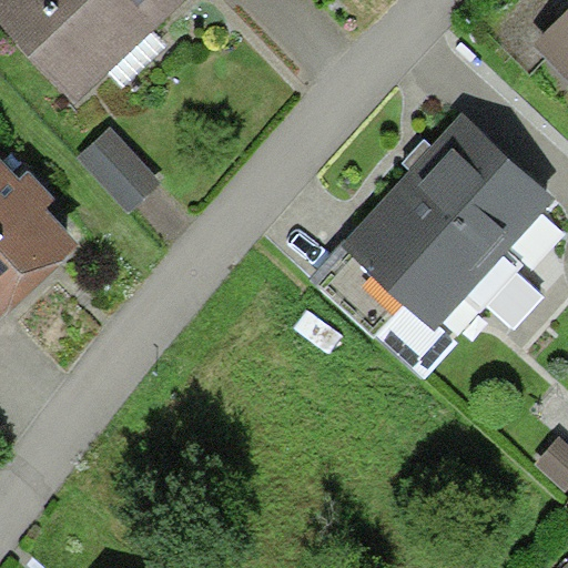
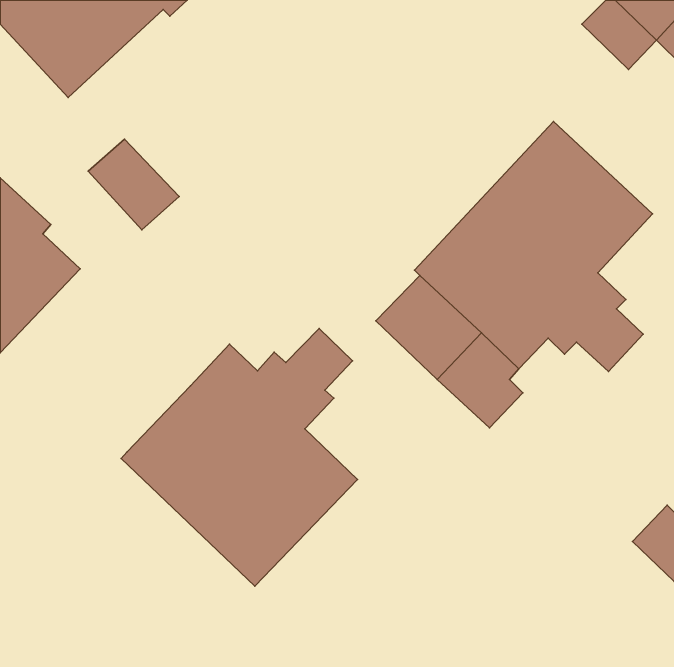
building: none -> [121,328,357,586]

